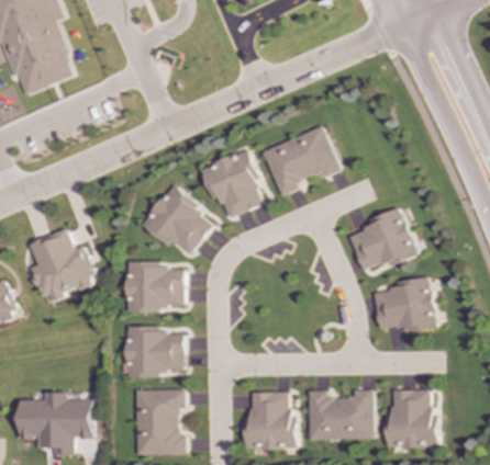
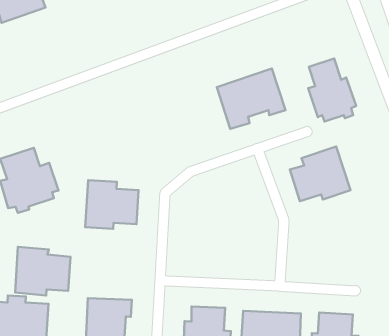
building: none -> [308,58,356,121]
building: [200,149,263,218] -> none
building: [142,186,214,257] -> none
building: [371,276,434,331] -> none
building: [125,326,183,377] -> [15,247,70,295]

